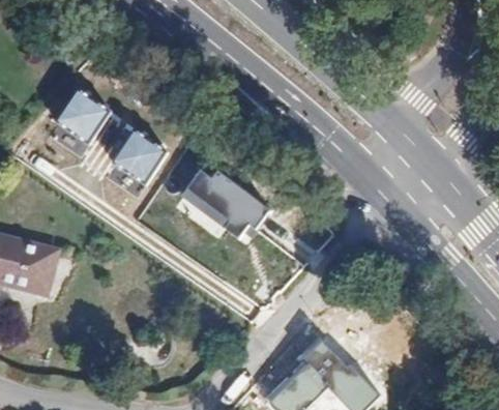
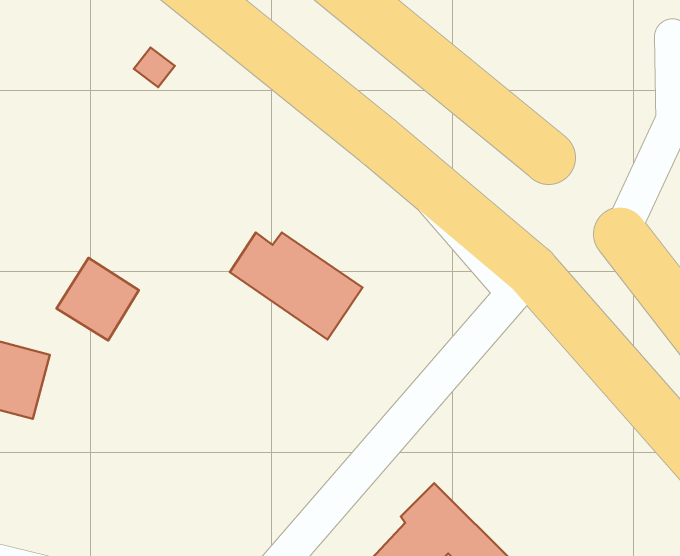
building: [56,90,112,144] -> none
building: [112,128,168,184] -> [56,258,139,340]

